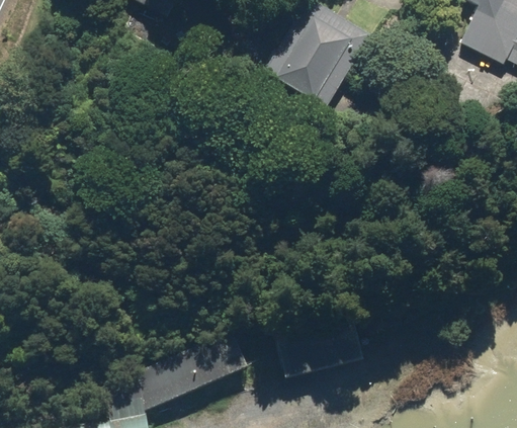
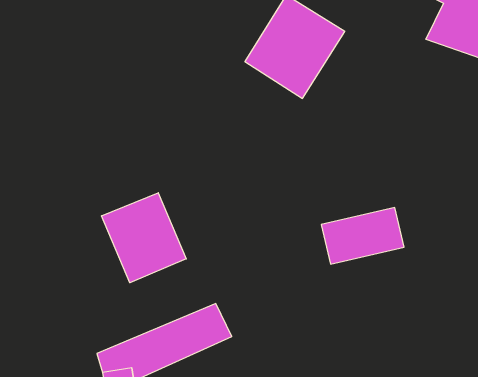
building: none -> [102,193,186,283]
building: [274,317,363,377] -> [321,208,404,264]

